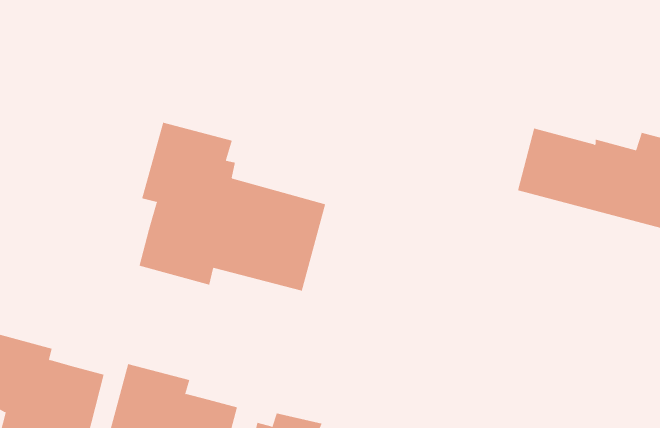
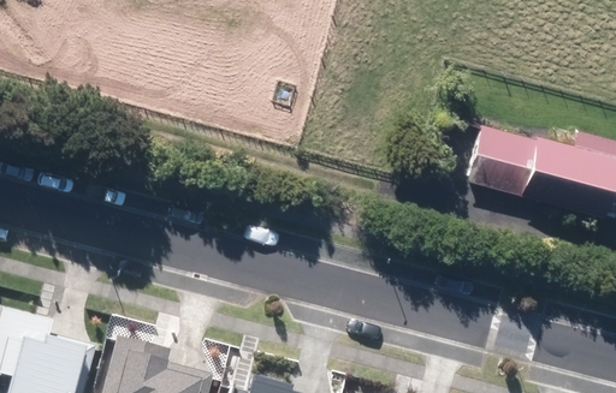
building: [139,122,326,291] -> none

